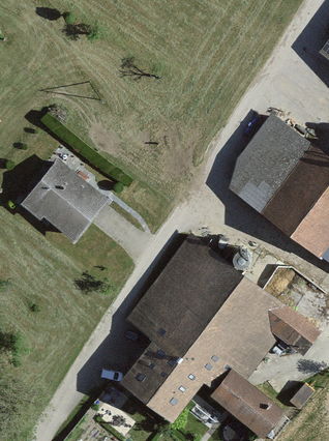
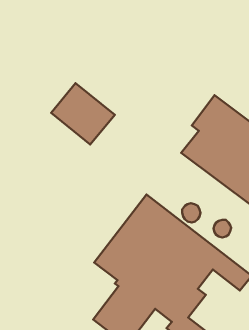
building: [27,165,102,237] -> [51,83,115,144]

